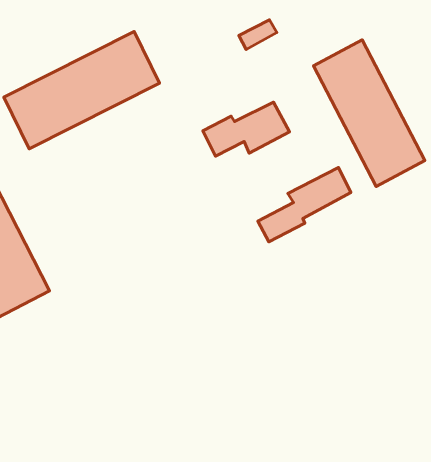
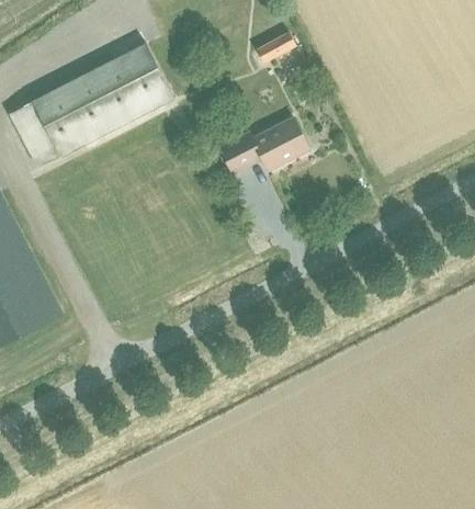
building: [314,40,425,186] -> none
building: [258,168,351,242] -> none

